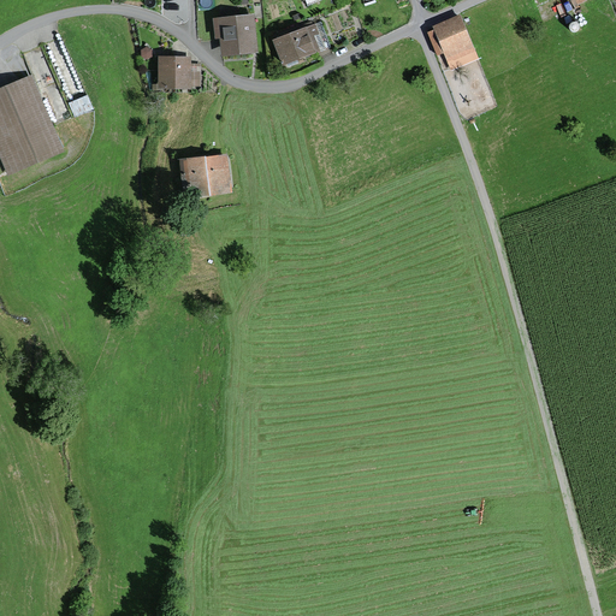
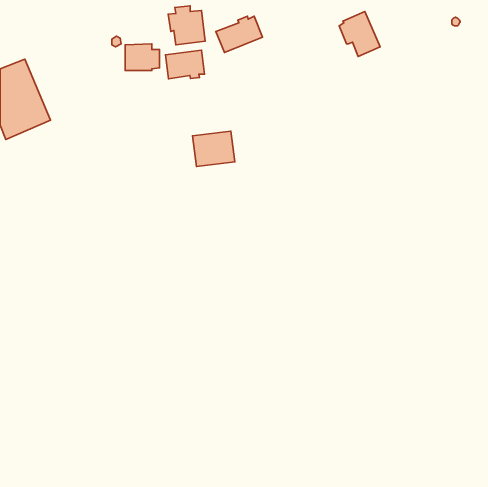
building: none -> [166,50,204,79]
building: [179,154,232,199] -> [193,131,235,167]

